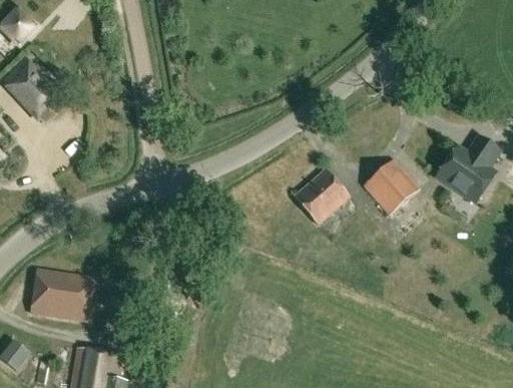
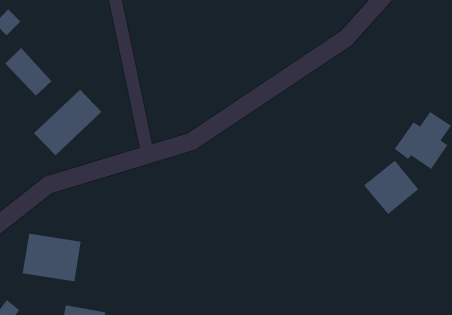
building: none -> [33,89,102,156]
building: [362,148,423,209] -> [363,160,419,215]
building: [294,168,349,224] -> none

